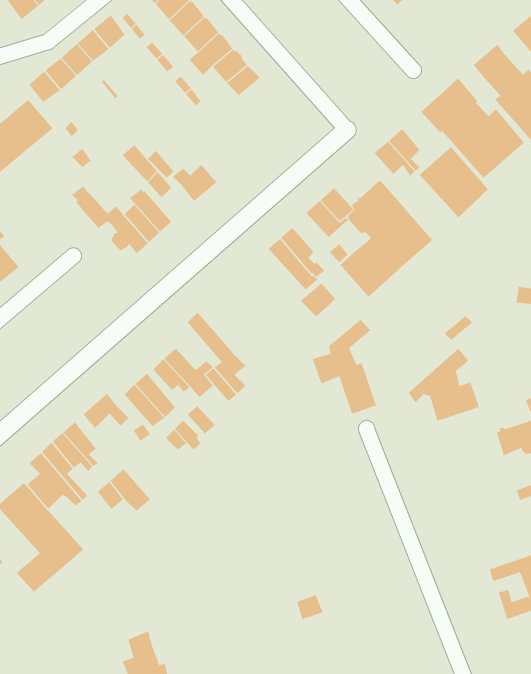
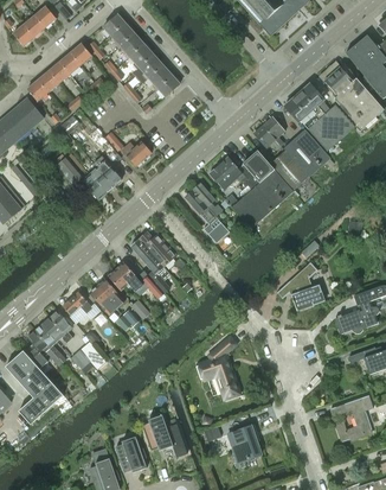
building: none -> [271,151,308,189]
building: none -> [139,231,176,267]
building: [312,319,377,415] -> [198,337,240,400]
building: none -> [142,414,187,458]
building: none -> [227,425,262,462]
building: none -> [116,437,147,472]

